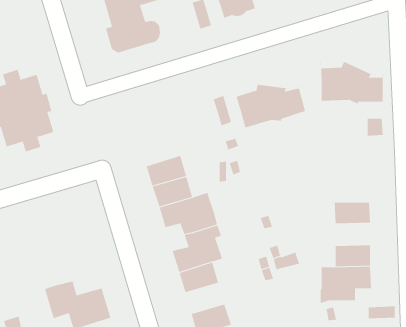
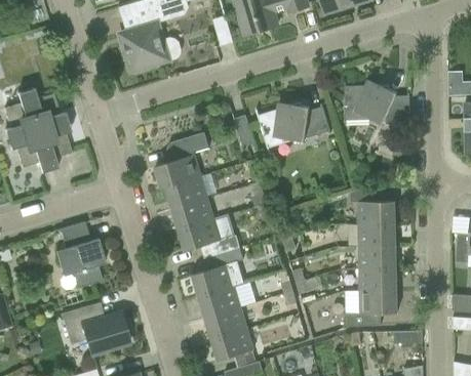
building: none -> [155,132,208,190]
building: none -> [349,190,395,224]
building: none -> [54,222,105,288]
building: none -> [359,246,396,269]
building: none -> [205,307,246,339]

